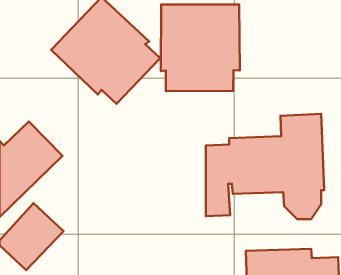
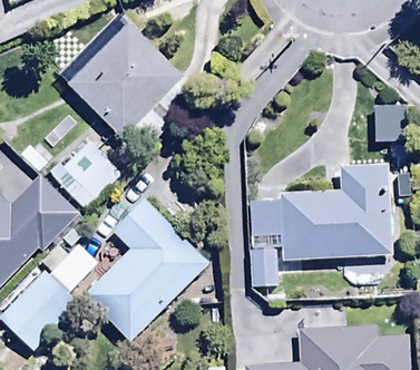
building: [161,5,240,91] -> none
building: none -> [50,139,123,208]
building: none -> [81,197,209,342]

